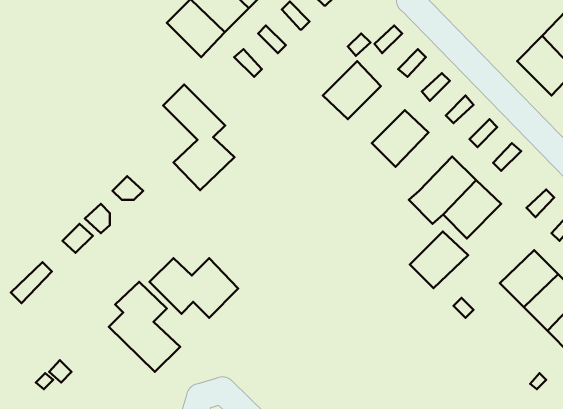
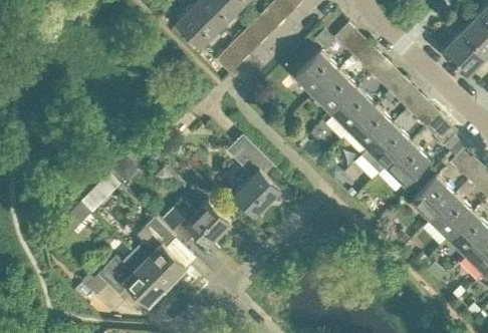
building: [163,84,234,190] -> [226,136,280,217]
building: none -> [313,71,356,114]
building: none -> [349,106,393,150]
building: [410,231,468,288] -> [411,178,455,221]
building: none -> [97,254,167,306]

